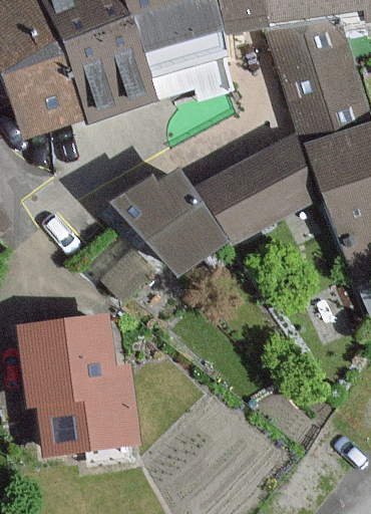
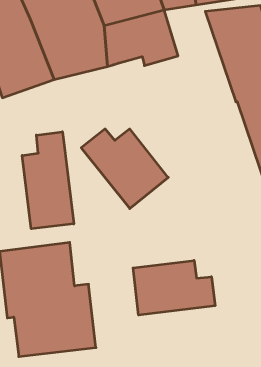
building: [208,140,317,242] -> none
building: none -> [22,132,74,229]
building: none -> [133,260,215,315]

